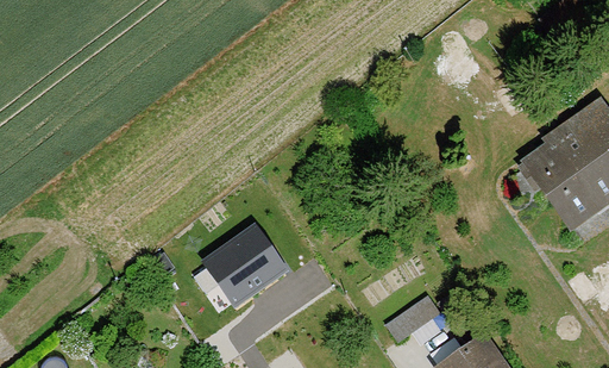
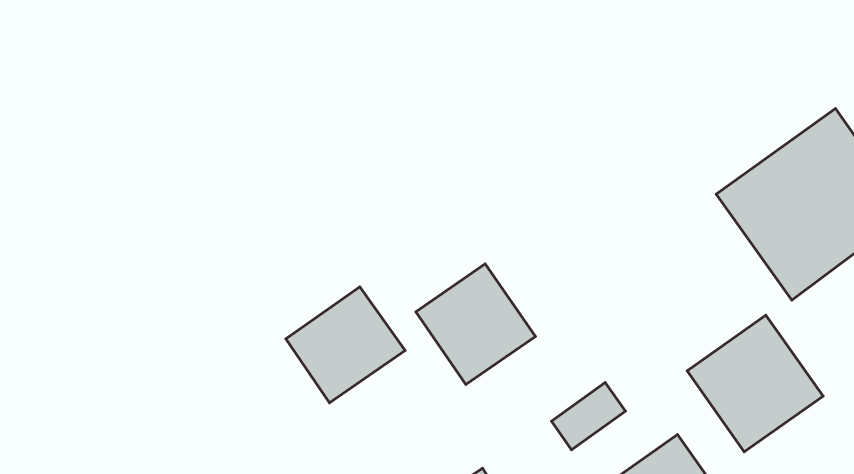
building: none -> [416,264,535,385]
building: none -> [687,315,823,452]

